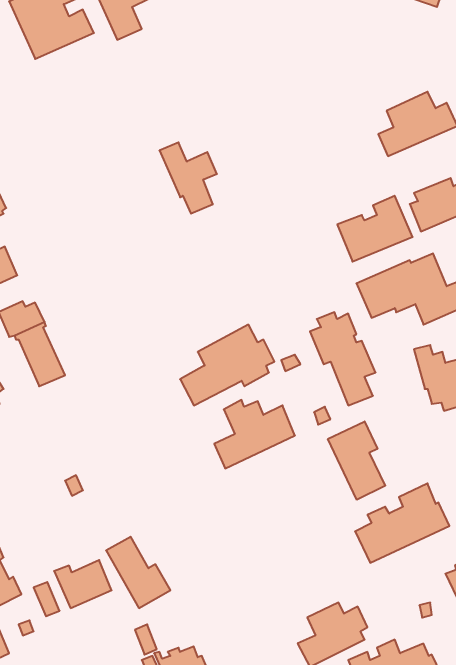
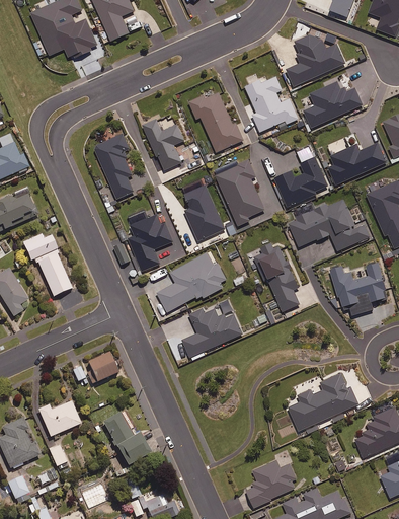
building: none -> [287,34,345,86]
building: none -> [245,77,299,132]
building: none -> [188,93,243,152]
building: none -> [94,134,135,202]
building: none -> [216,161,264,226]
building: none -> [184,186,225,241]
building: none -> [129,207,174,271]
building: [328,421,385,500] -> none
building: none -> [82,349,118,382]
building: [54,560,112,608] -> [37,398,80,434]

